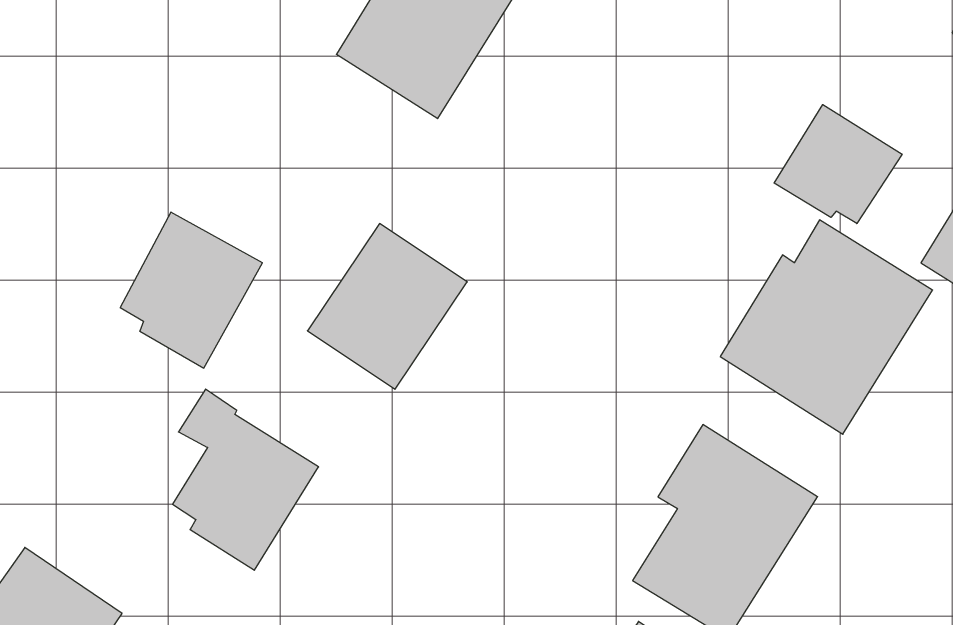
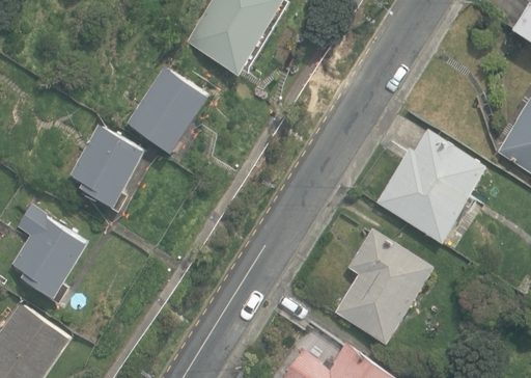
building: [774,105,902,224] -> none
building: [307,224,467,389] -> [123,65,208,154]
building: [173,389,319,570] -> [10,203,88,299]

